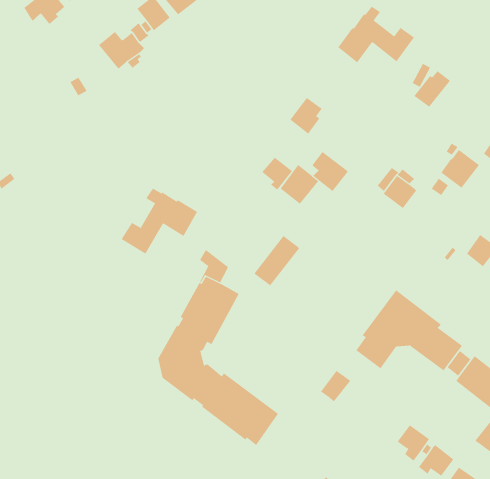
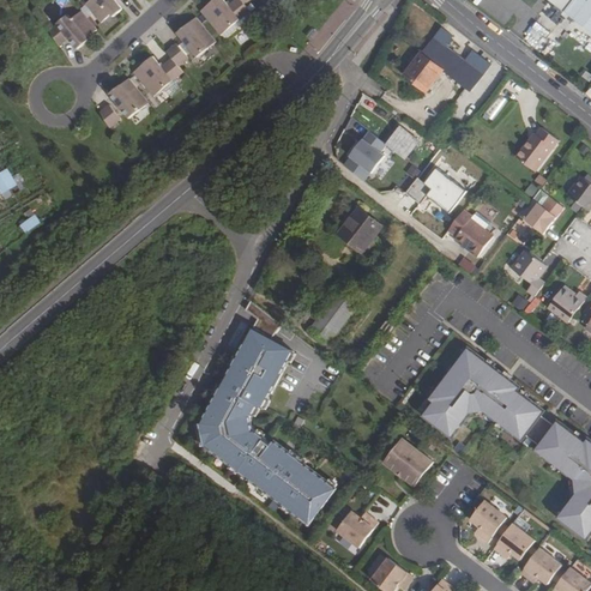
building: none -> [110,79,150,120]
building: [414,70,451,108] -> [514,127,556,169]
building: none -> [385,125,417,157]
building: [312,151,349,192] -> [423,167,465,212]
building: [262,157,293,191] -> none
building: [121,188,198,255] -> none
building: none -> [511,248,545,295]
building: none -> [398,450,433,486]
building: none -> [337,511,379,545]

